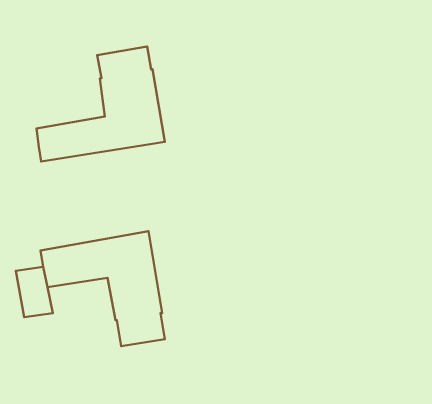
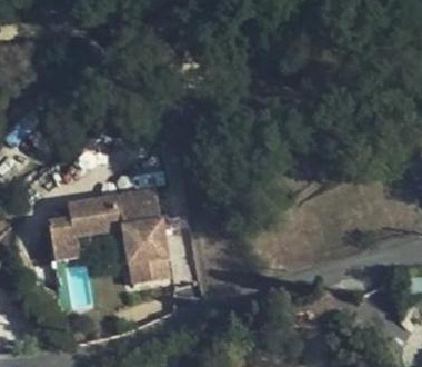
building: [36,46,165,162] -> none

